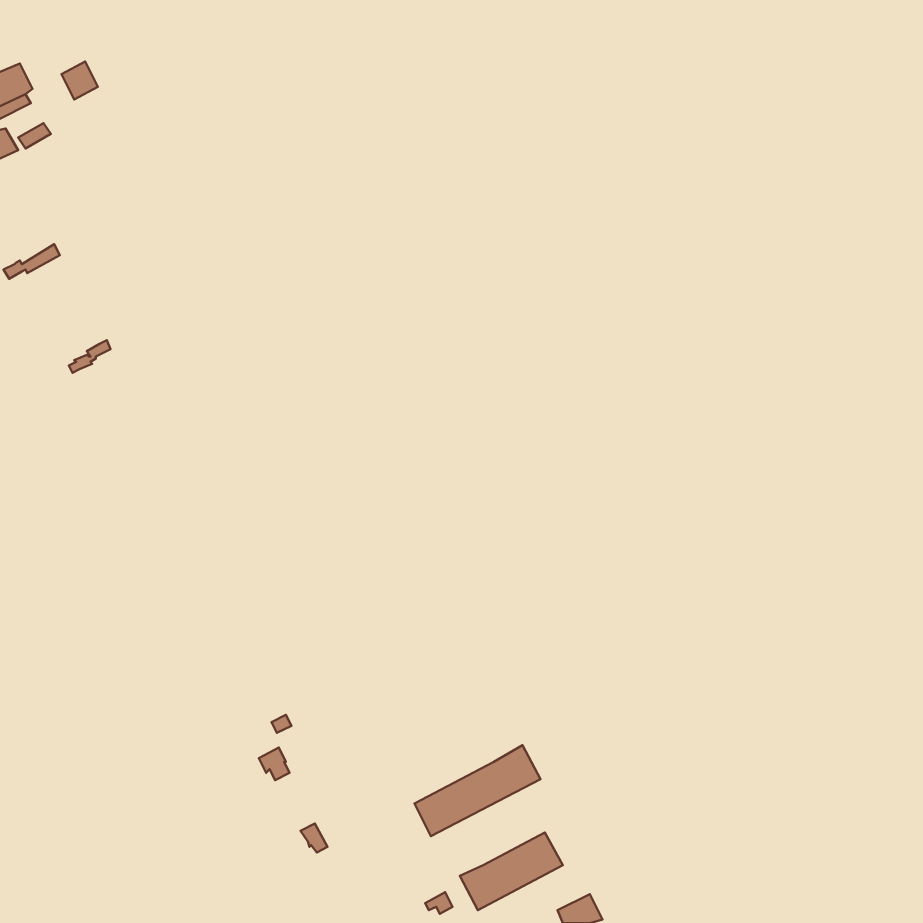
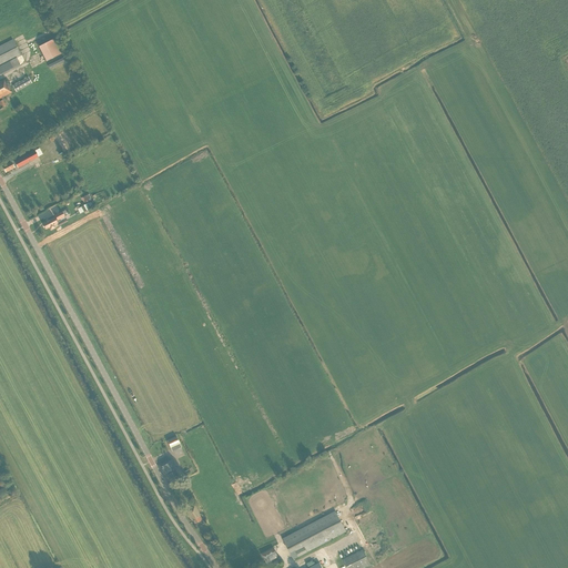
building: [415,745,540,836] -> none

